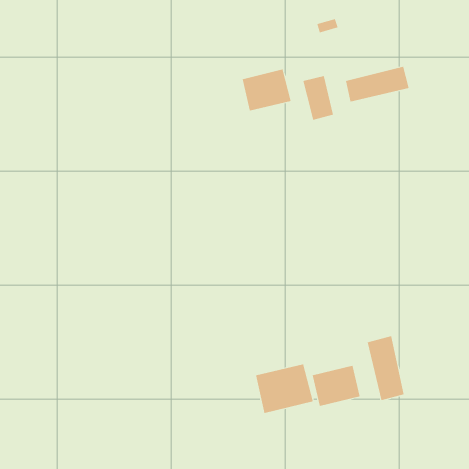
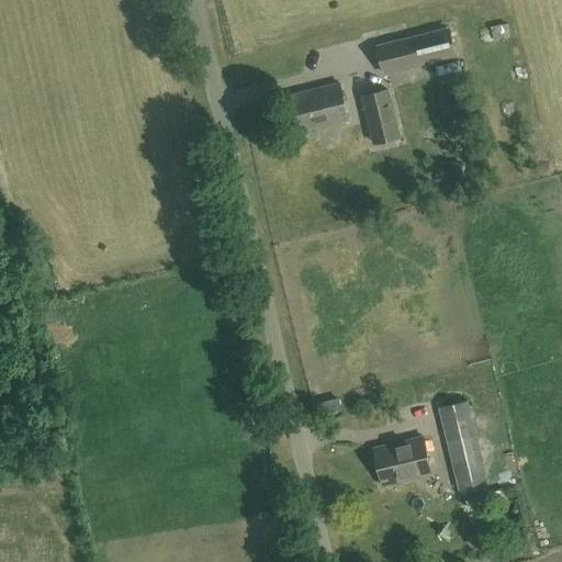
building: [345,66,410,102] -> [378,31,454,74]
building: [255,363,313,414] -> none

